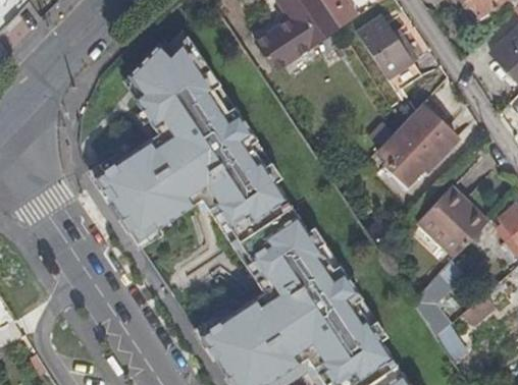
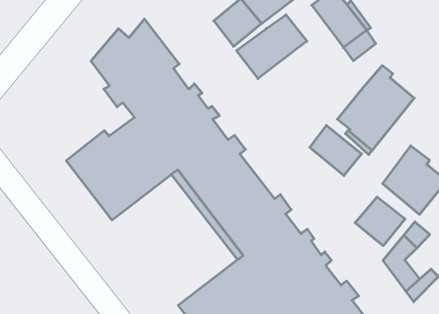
building: none -> [237,15,307,79]
building: none -> [310,125,362,176]
building: none -> [355,197,405,246]

